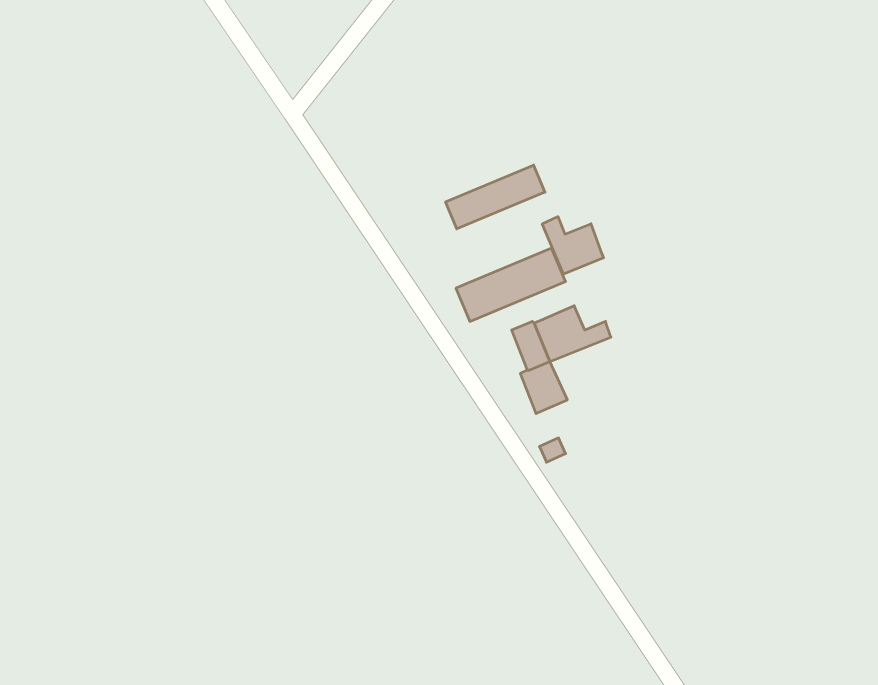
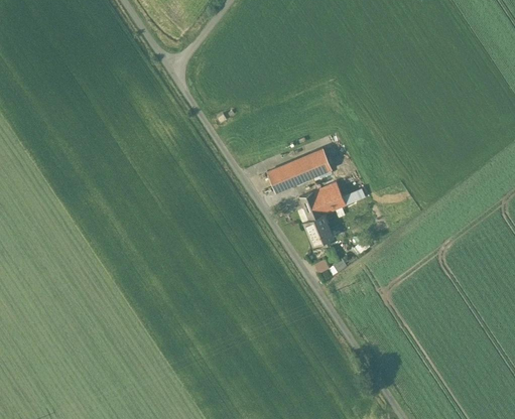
building: [446,165,545,229] -> none
building: [542,217,604,274] -> none

